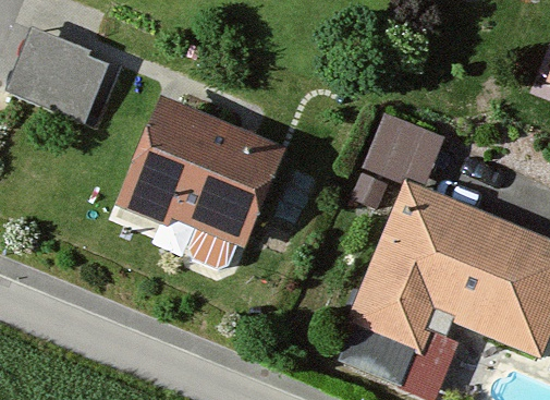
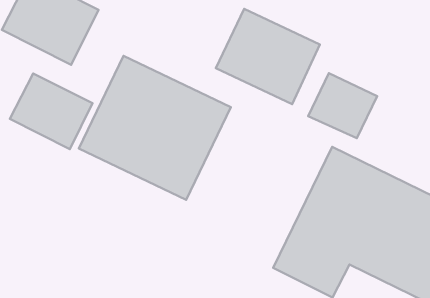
building: none -> [216,9,320,104]
building: none -> [10,74,92,149]

